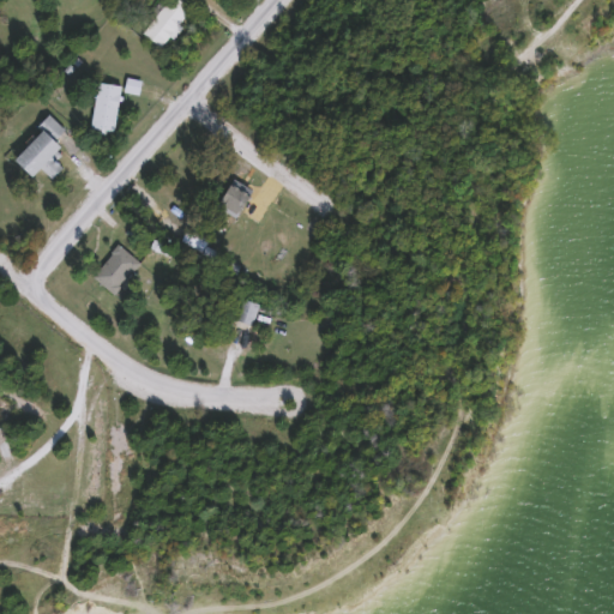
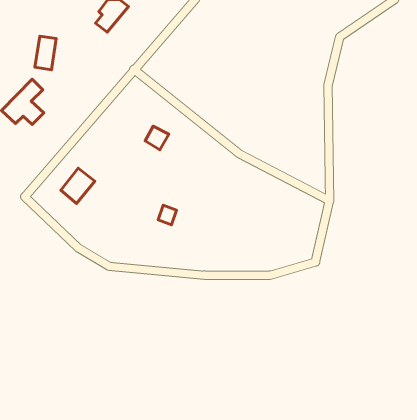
building: [91,83,122,132] -> [35,36,56,70]

